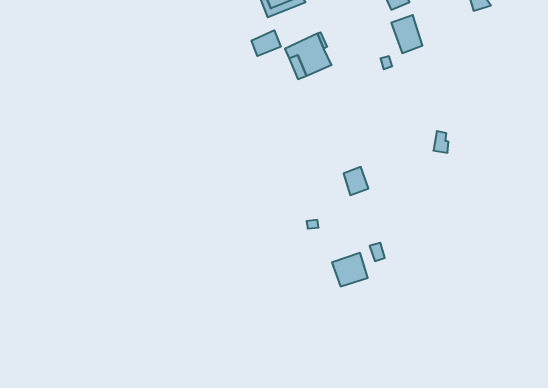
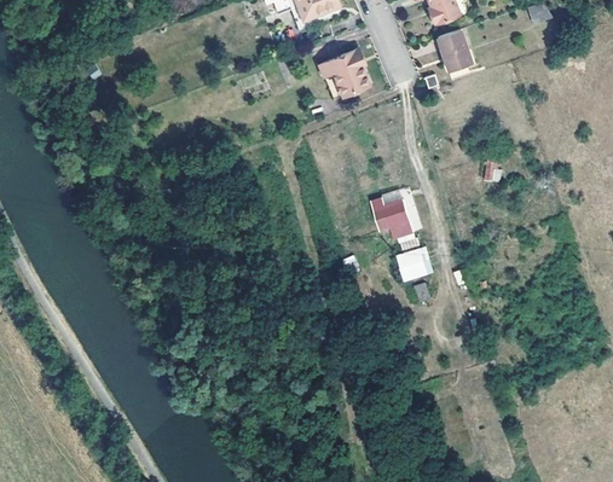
building: [252,30,281,56] -> none
building: [332,253,368,286] -> [393,245,433,283]

